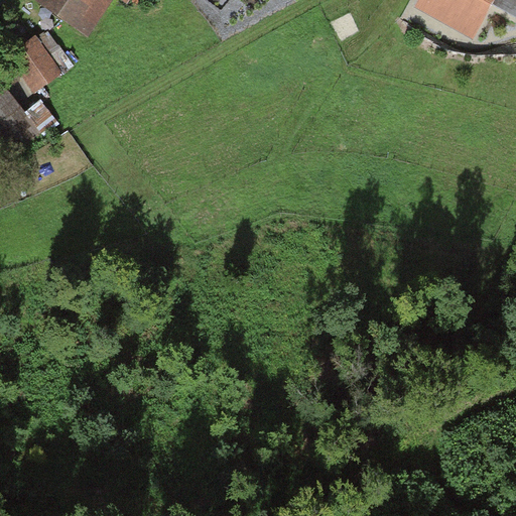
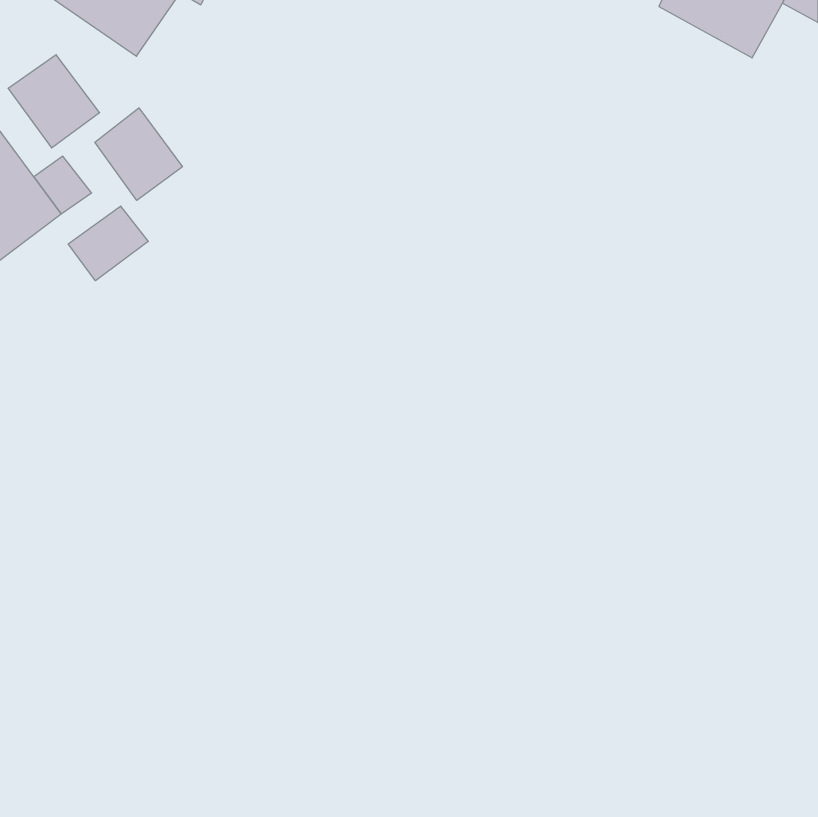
building: none -> [95,108,182,200]
building: none -> [68,206,148,281]

